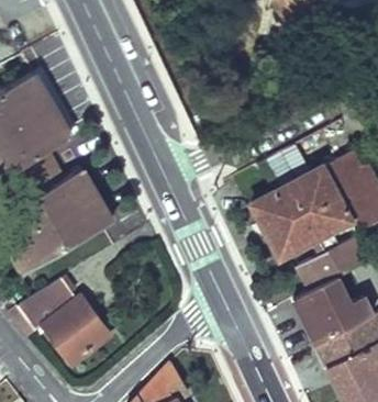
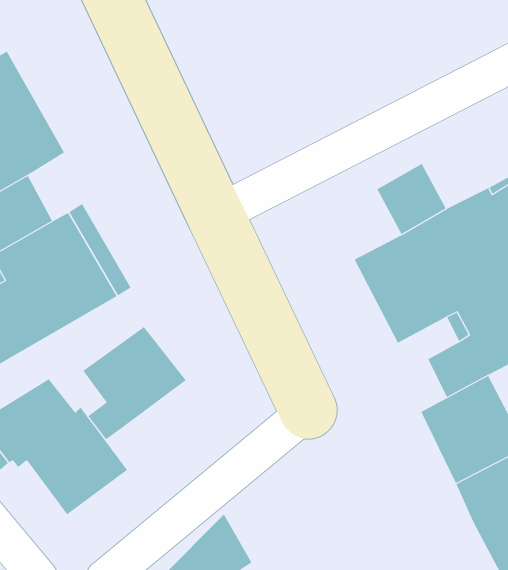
building: none -> [83,326,186,440]

